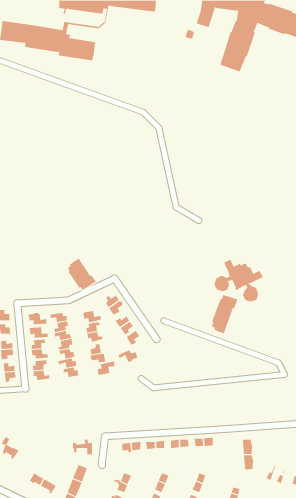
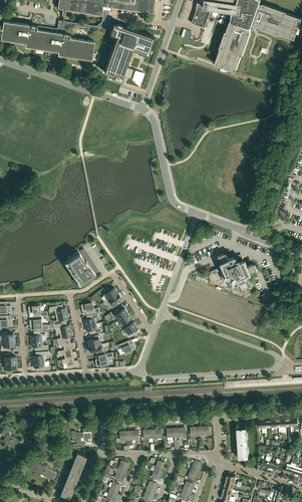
building: none -> [101,23,156,86]
building: [211,294,238,334] -> none

